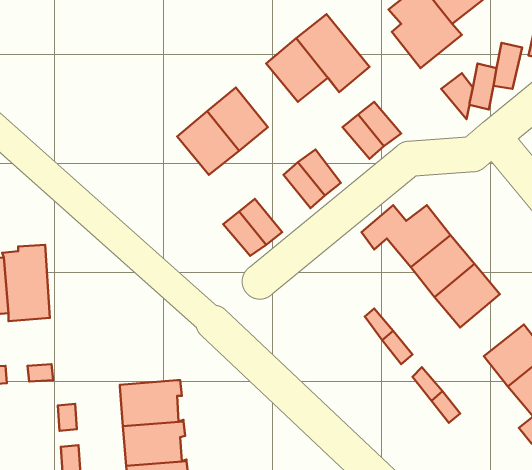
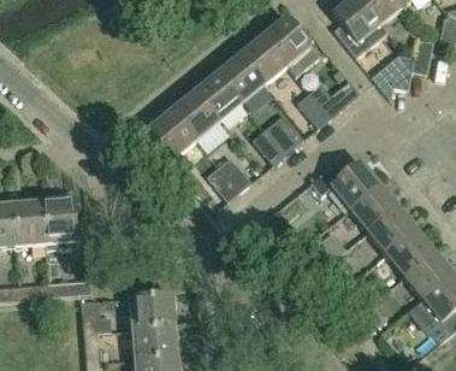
building: none -> [217,53,263,101]
building: none -> [148,108,196,157]
building: none -> [386,228,434,275]

